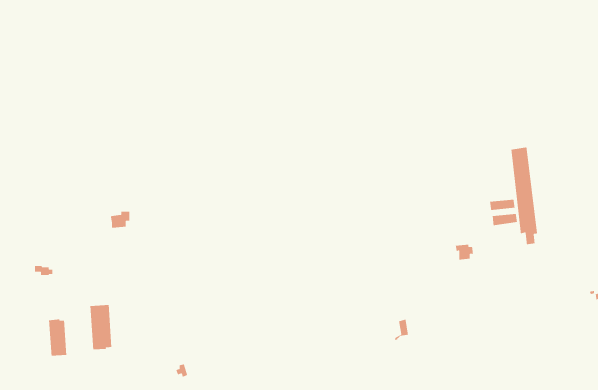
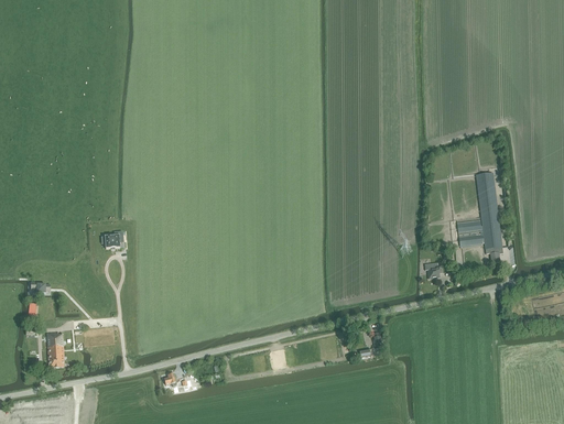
building: [89,304,112,350] -> none

